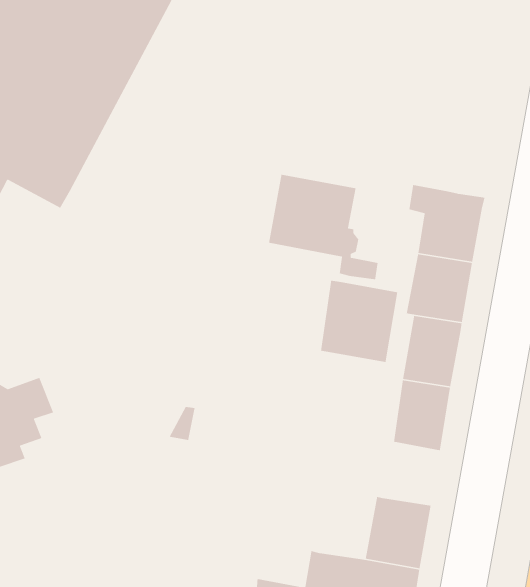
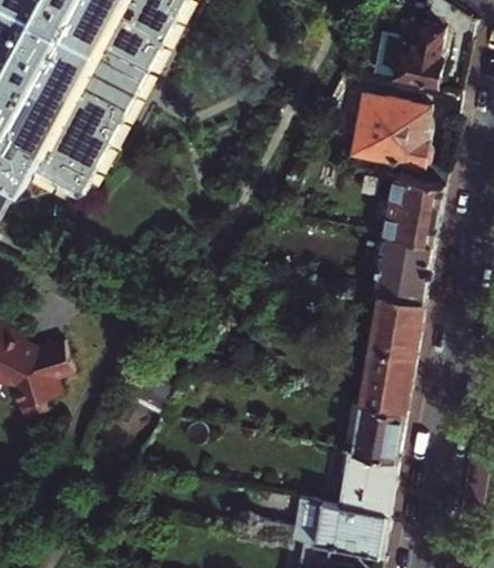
building: none -> [374,26,443,83]
building: [268,174,378,280] -> [352,95,447,187]
building: [320,280,398,363] -> none
building: none -> [356,399,406,454]

